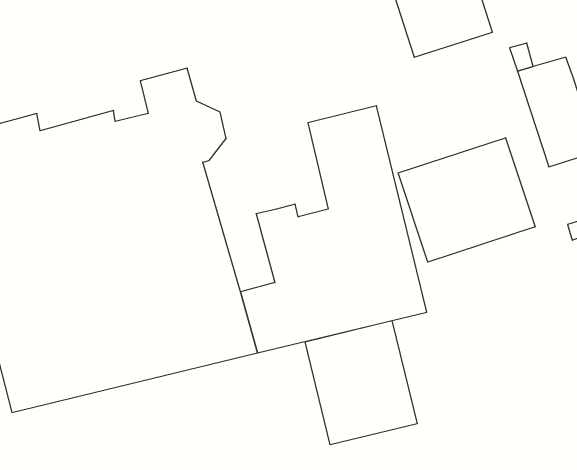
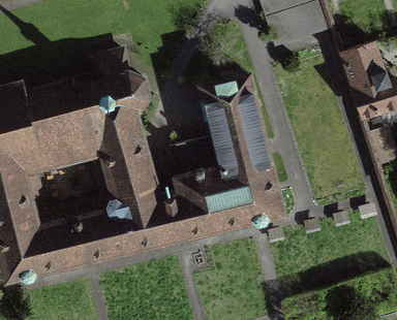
building: [398,138,535,262] -> none
building: [305,321,417,445] -> none

